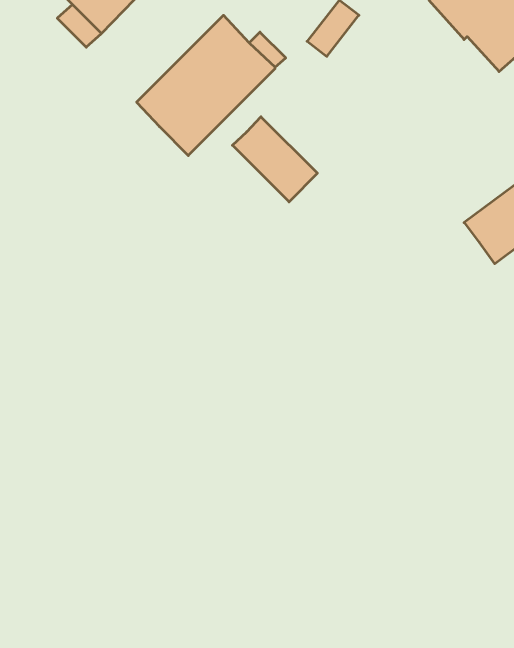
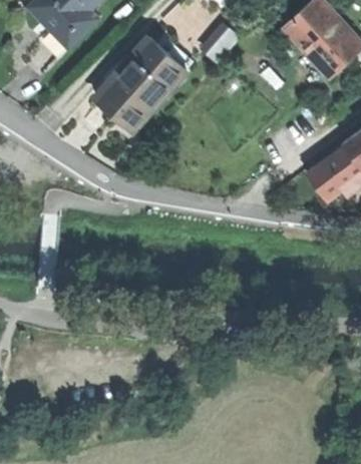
building: [232,117,317,202] -> none

